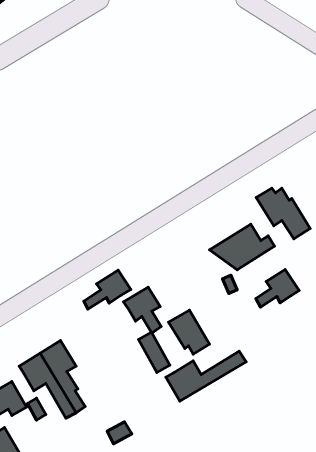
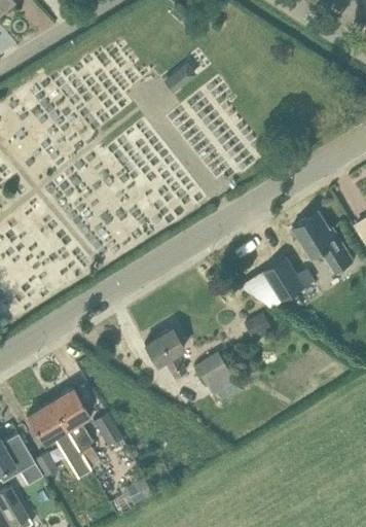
building: [256,269,299,307] -> none
building: [84,270,131,309] -> none
building: [139,332,170,373] -> [93,414,127,459]
building: [166,351,246,401] -> none

